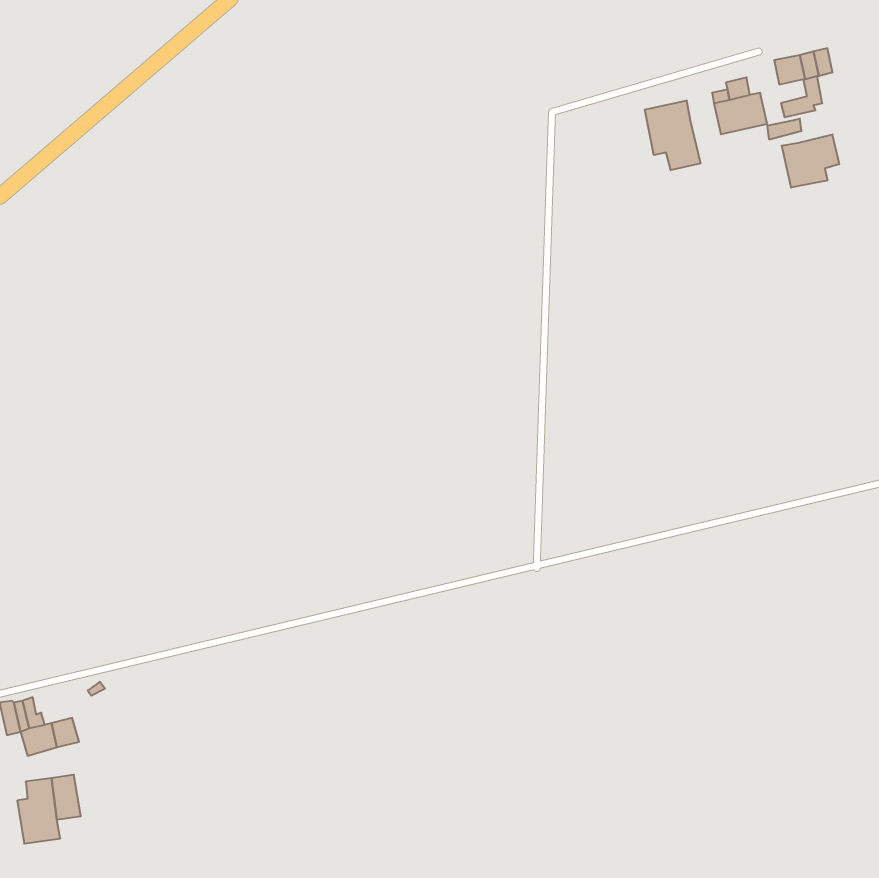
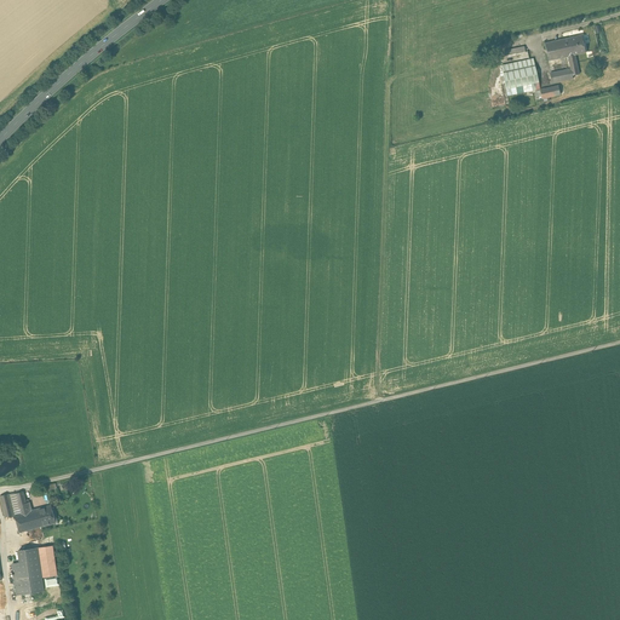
building: [645,100,701,170] -> none
building: [782,134,839,188] -> none

